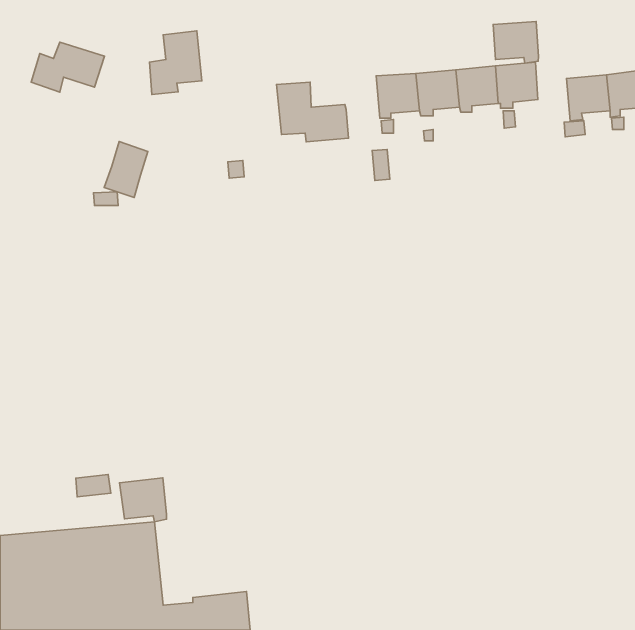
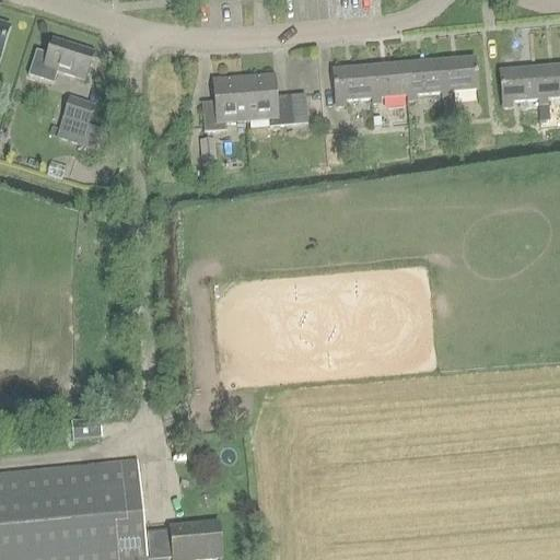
building: [493,21,539,63] -> none
building: [150,31,202,94] -> [202,74,248,130]
building: [104,141,148,197] -> [56,94,94,143]
building: [120,478,167,522] -> none

